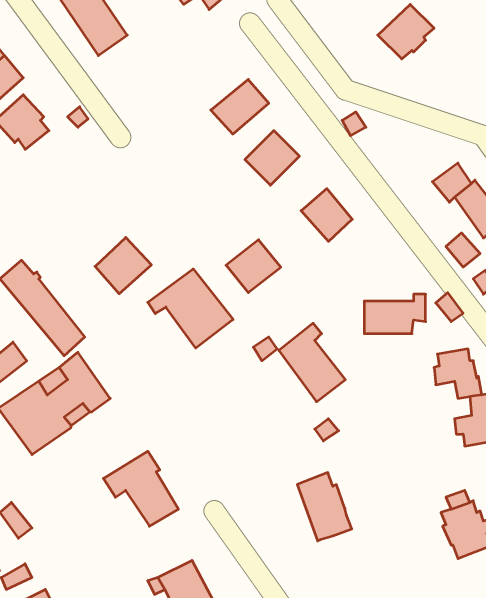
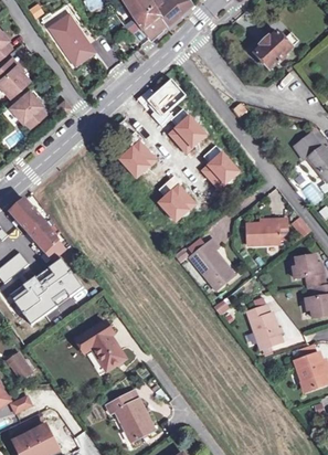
building: [95,237,151,294] -> [118,140,155,177]
building: [148,269,233,348] -> none
building: [297,473,352,541] -> [247,306,283,350]

